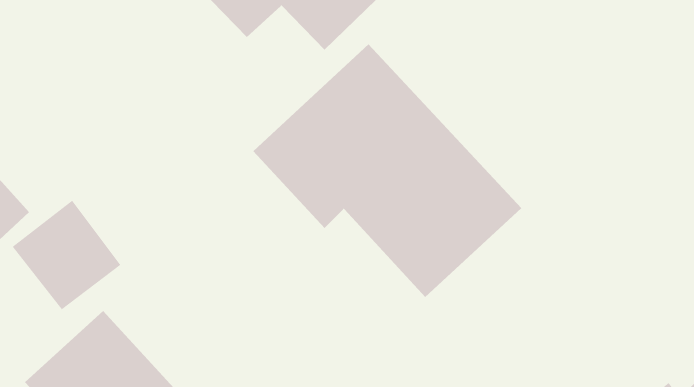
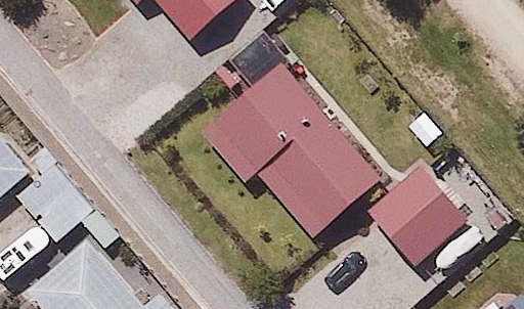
building: none -> [365,167,463,264]

